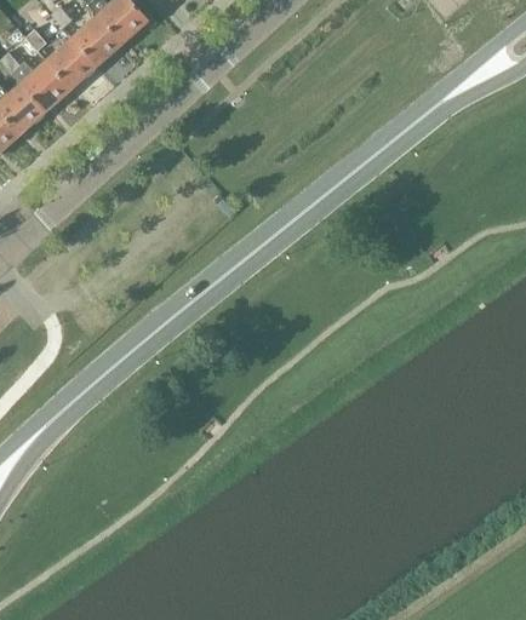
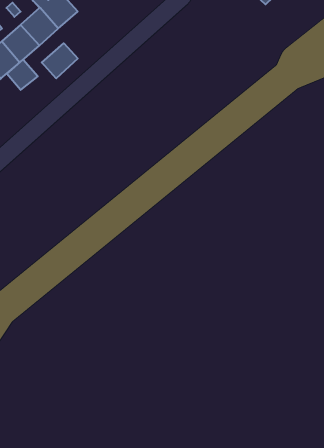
building: none -> [42,43,78,78]
building: none -> [7,59,38,90]

